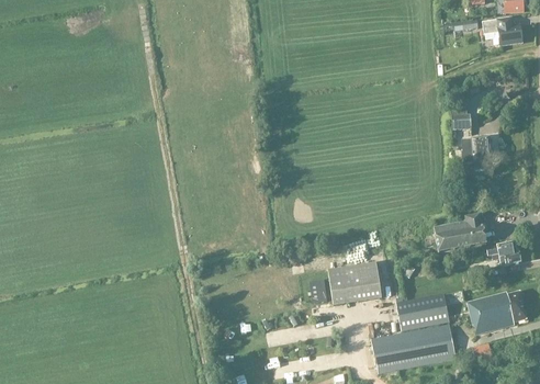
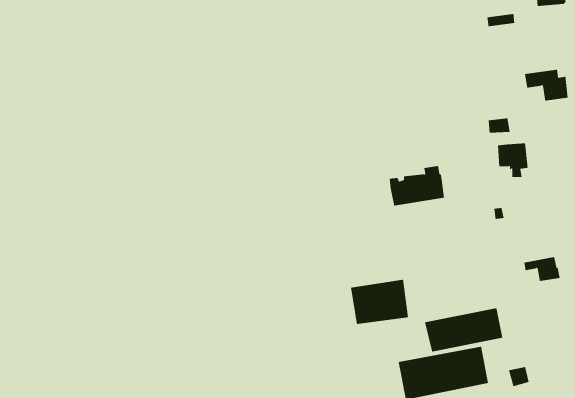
building: [482,16,522,46] -> [524,69,568,101]
building: [434,213,485,250] -> [389,165,445,206]
building: [466,290,526,332] -> none

